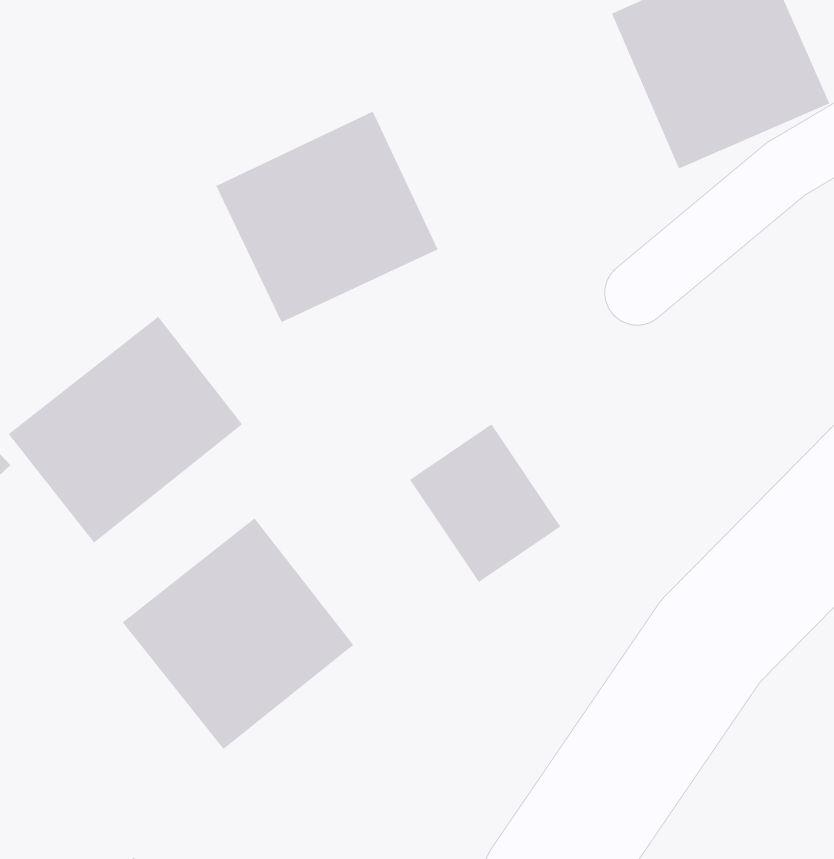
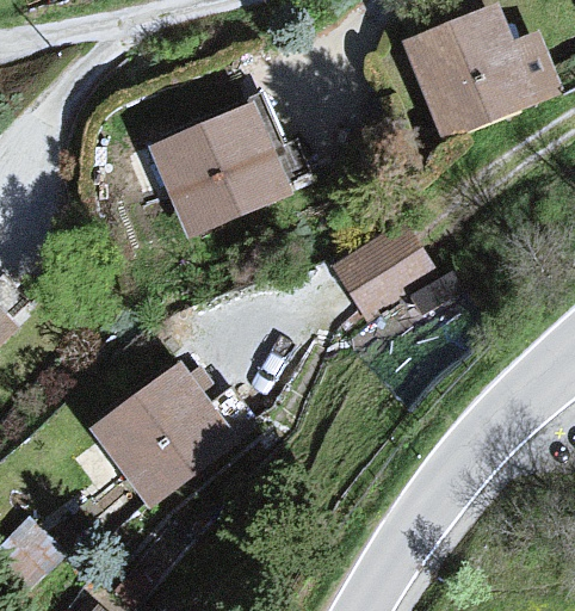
building: [8,316,243,543] -> none
building: [409,424,561,583] -> [332,224,428,326]

